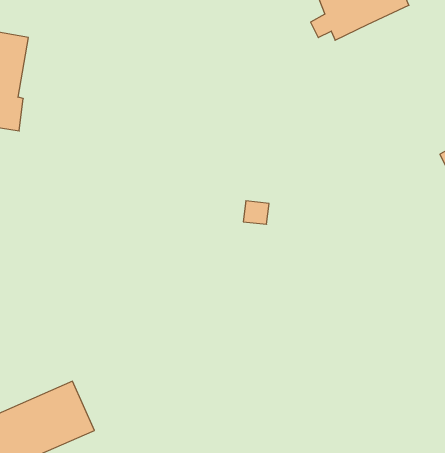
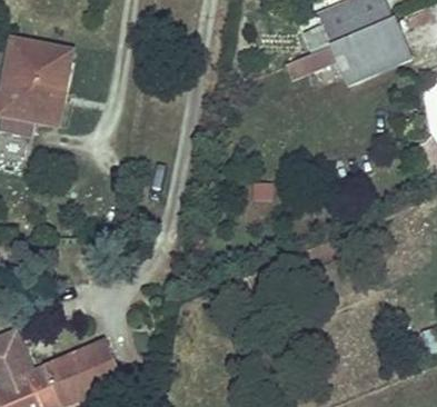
building: none -> [284,17,411,85]

